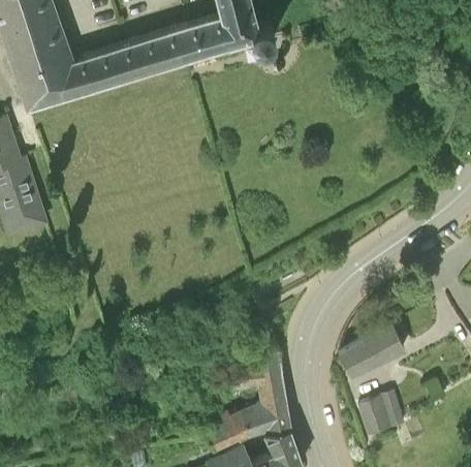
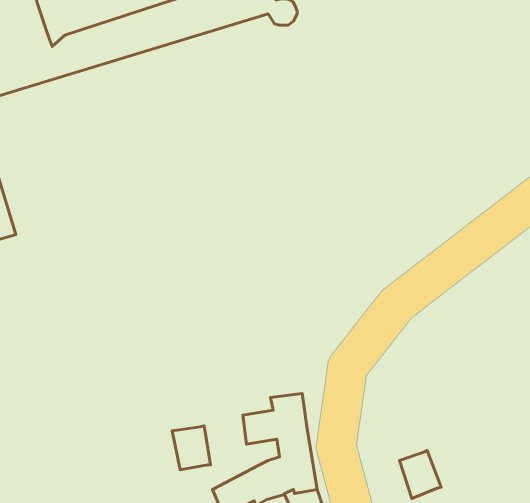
building: [340,325,406,379] -> none
building: none -> [172,426,210,470]

